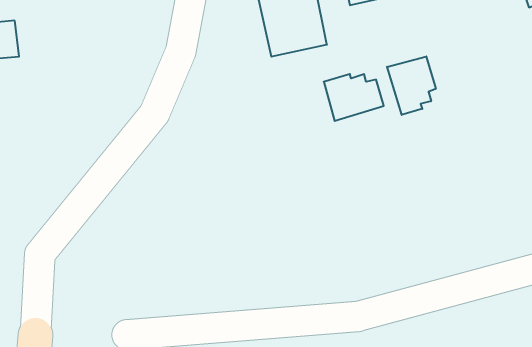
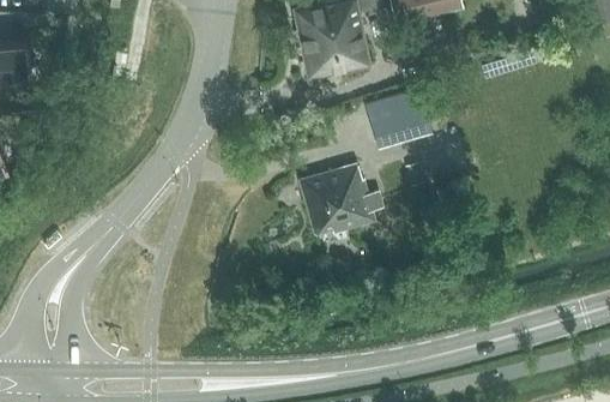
building: [387,56,436,115] -> none
building: none -> [300,162,382,235]

